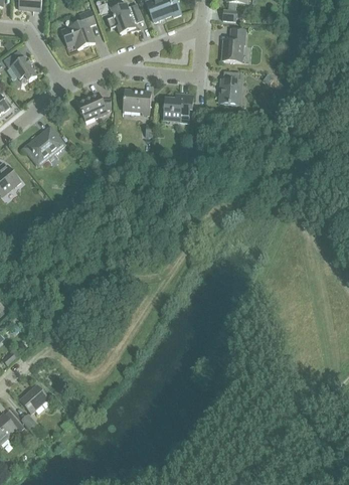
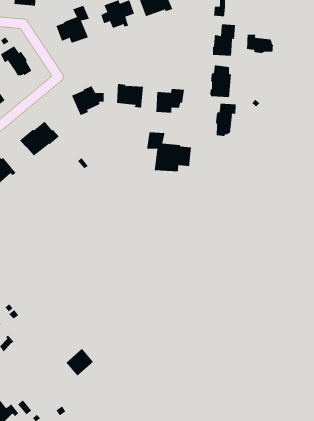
building: none -> [247,34,273,54]
building: none -> [215,103,236,137]
building: none -> [147,132,191,172]
building: [19,383,48,413] -> [65,348,94,376]

